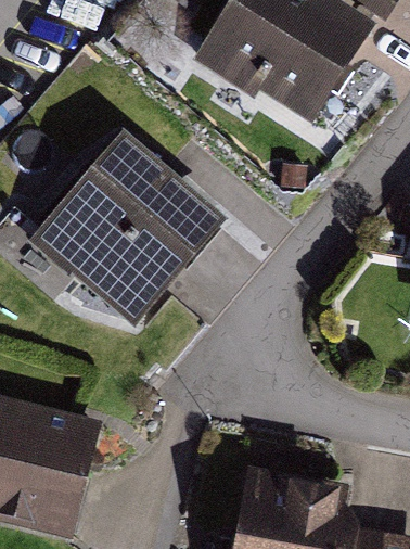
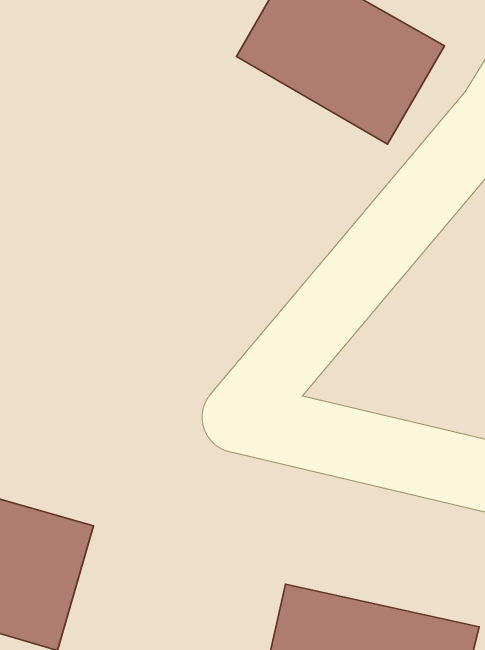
building: [39,148,213,320] -> none

